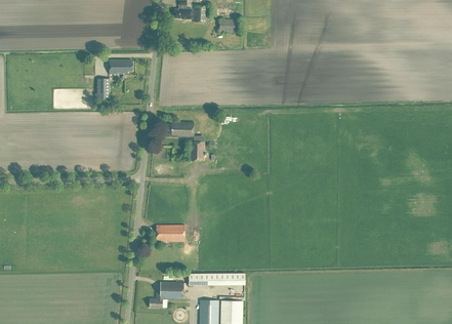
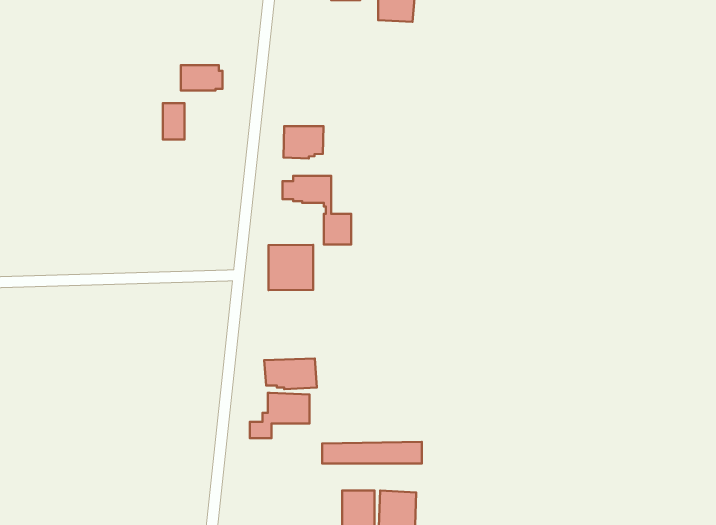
building: none -> [284,126,323,158]
building: none -> [268,245,313,290]
building: [149,281,182,307] -> [250,393,310,438]

